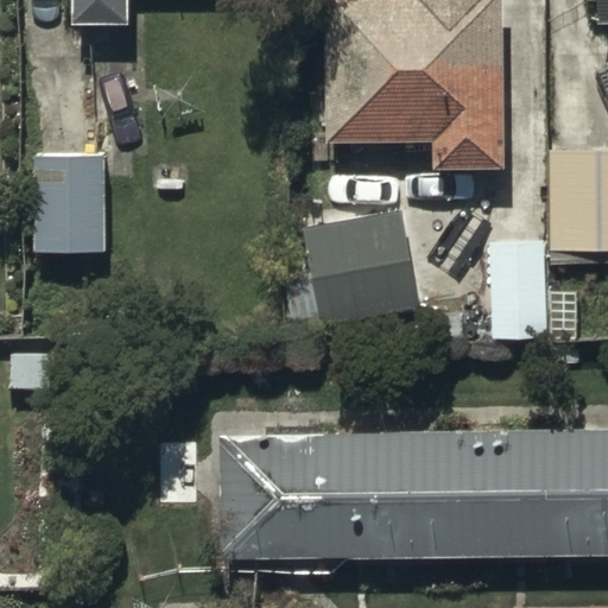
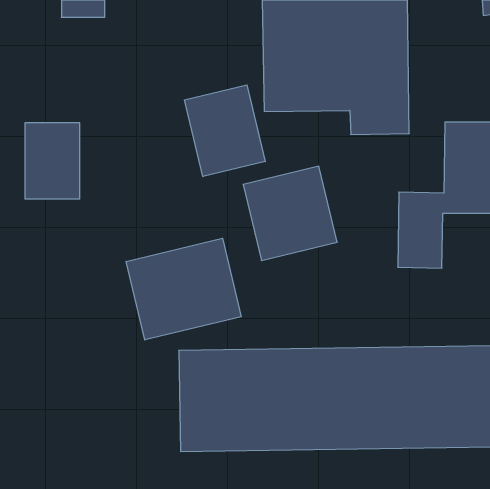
building: none -> [185,85,265,177]
building: none -> [126,238,241,340]

